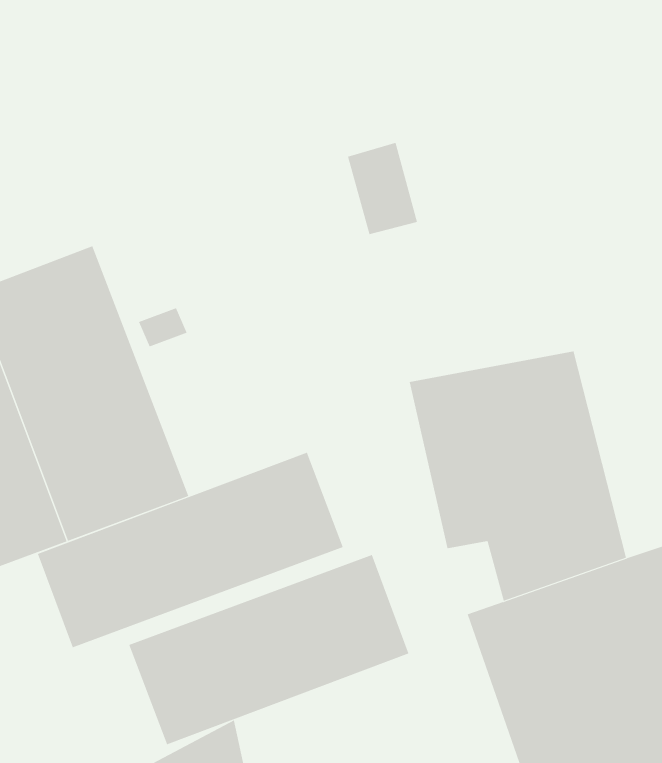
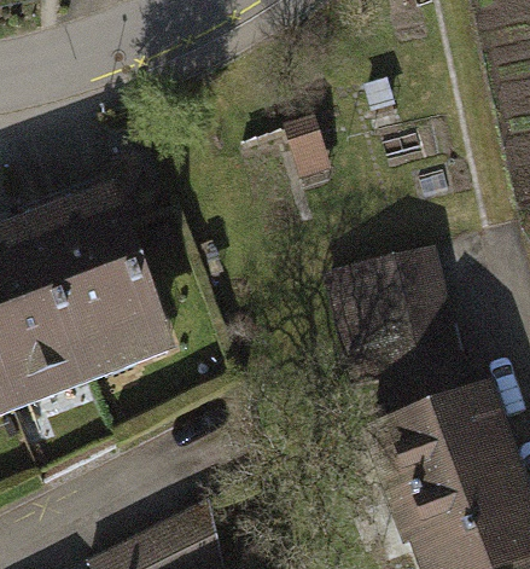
building: [37,452,344,648] -> none
building: [129,554,409,745] -> none

